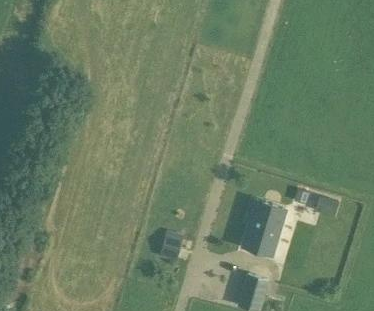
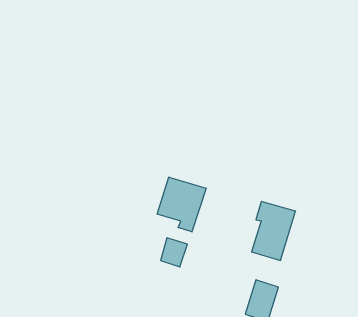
building: none -> [157,177,206,232]

